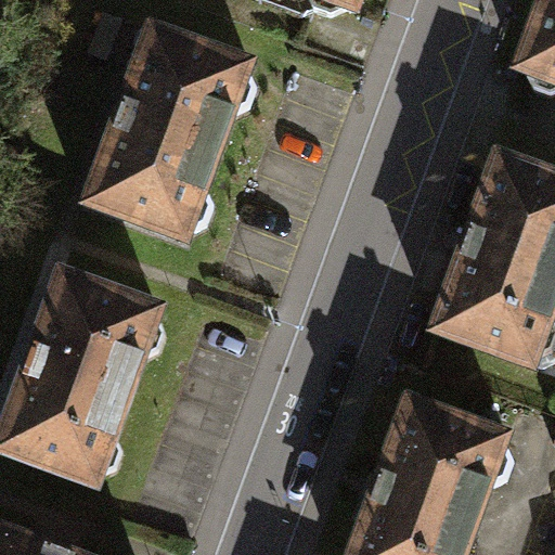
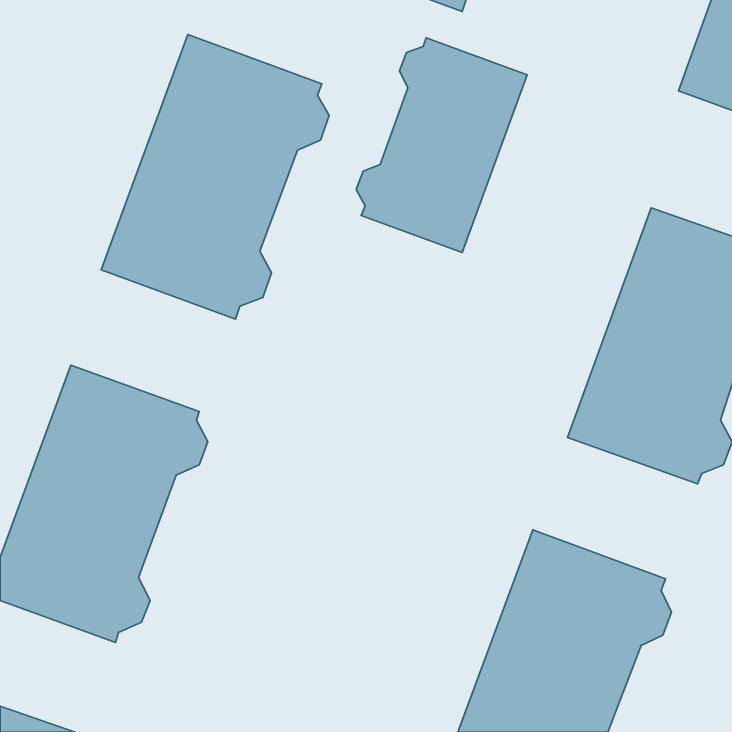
building: none -> [356,38,527,253]

